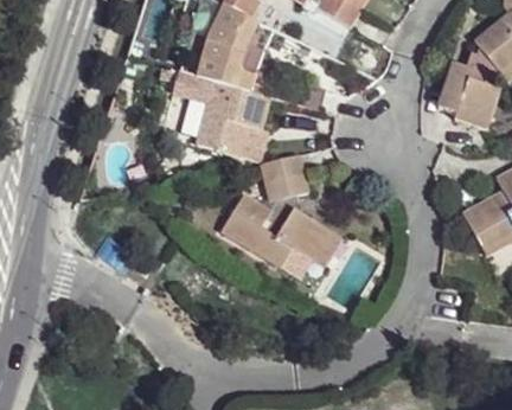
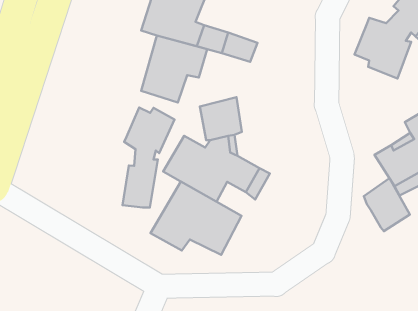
building: none -> [123,107,175,208]
building: none -> [364,178,410,231]
building: none -> [150,181,242,255]

